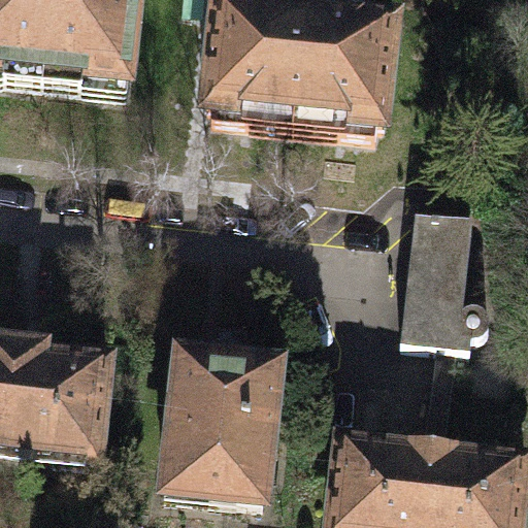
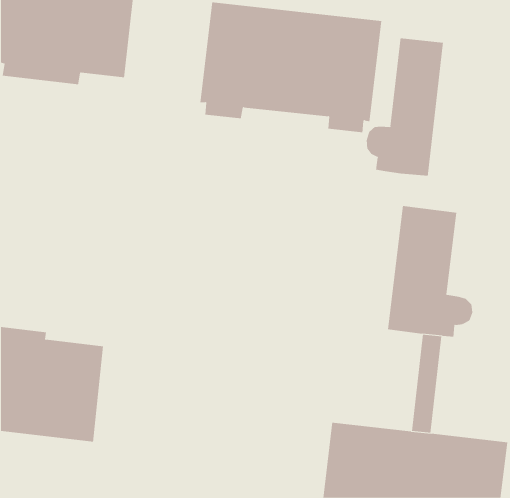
building: none -> [366,38,443,176]
building: [166,353,279,503] -> none

